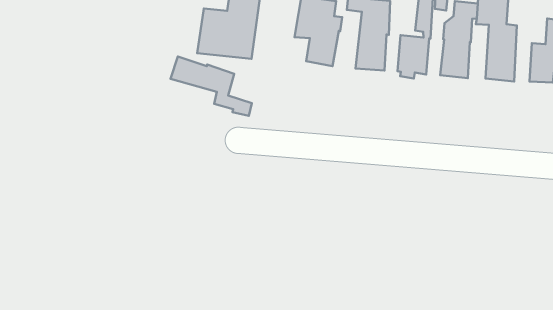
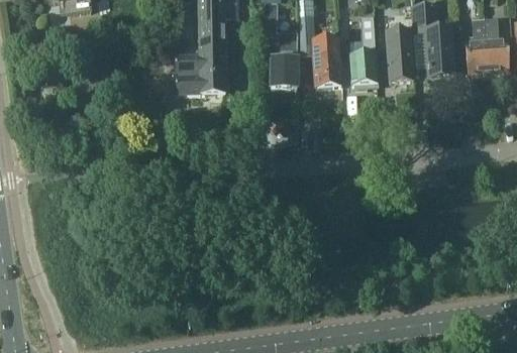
building: [171,56,252,116] -> none

